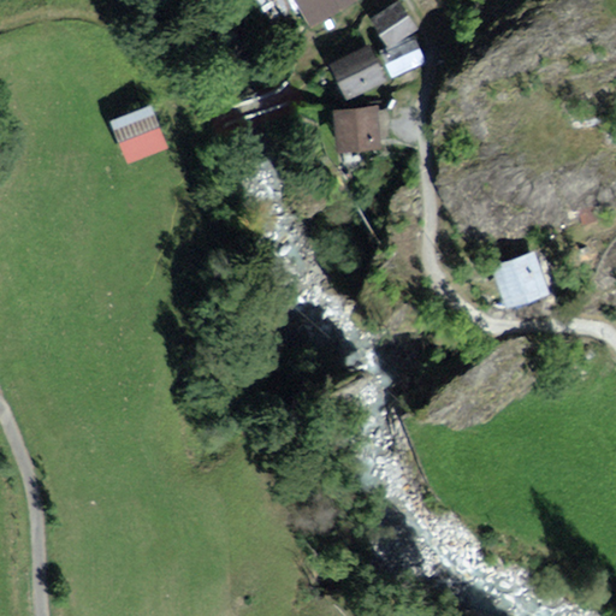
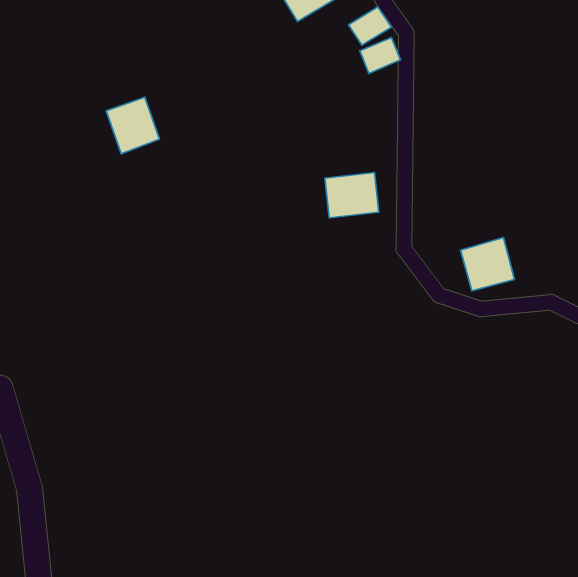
building: [332,46,386,99] -> none
building: [325,105,383,153] -> [325,173,379,218]

